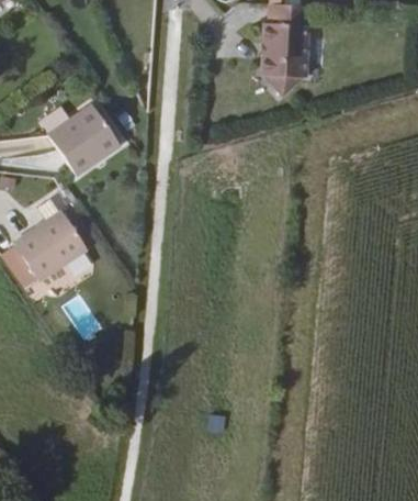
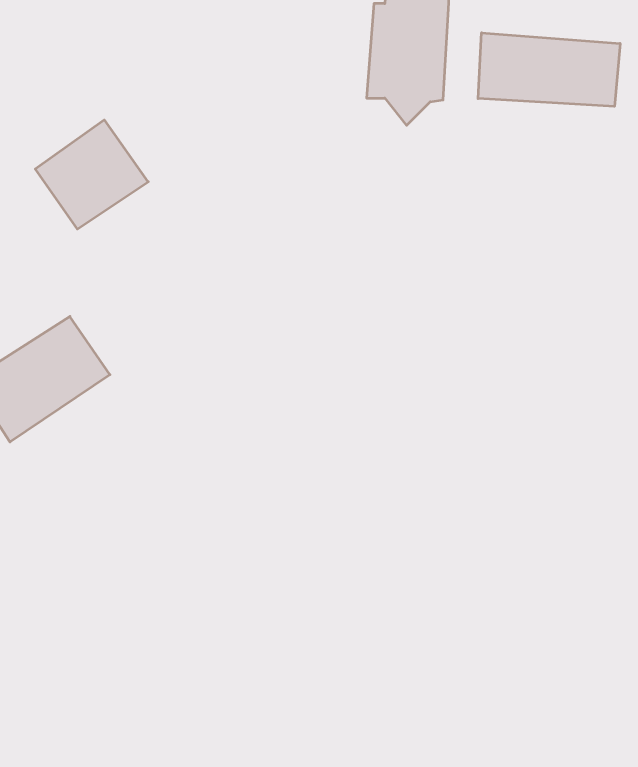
building: none -> [478,33,620,106]

